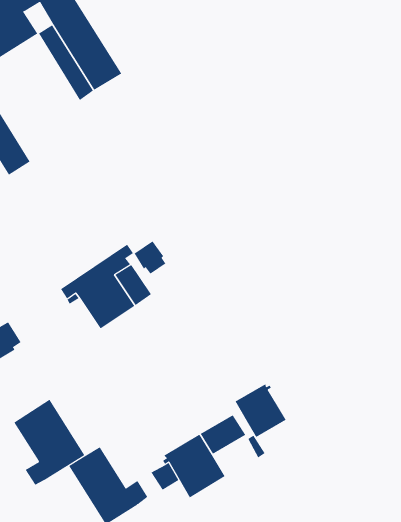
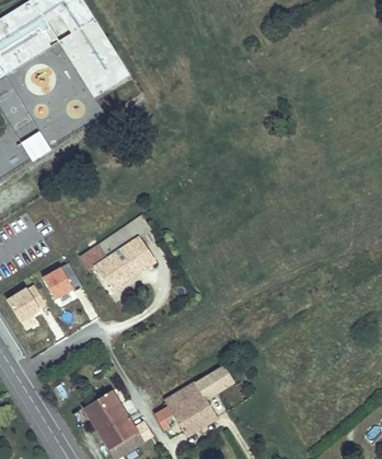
building: [134,240,166,274] -> none
building: none -> [43,263,82,299]
building: [235,384,287,438] -> none
building: [14,399,85,485] -> none

